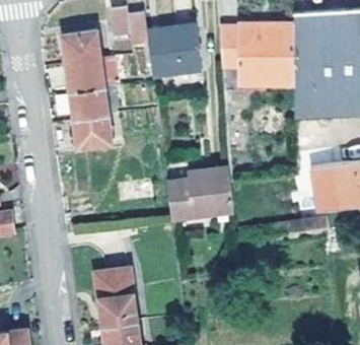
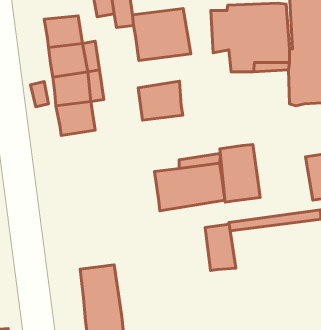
building: none -> [138,81,183,120]
building: none -> [220,145,260,202]
building: none -> [205,224,236,271]

